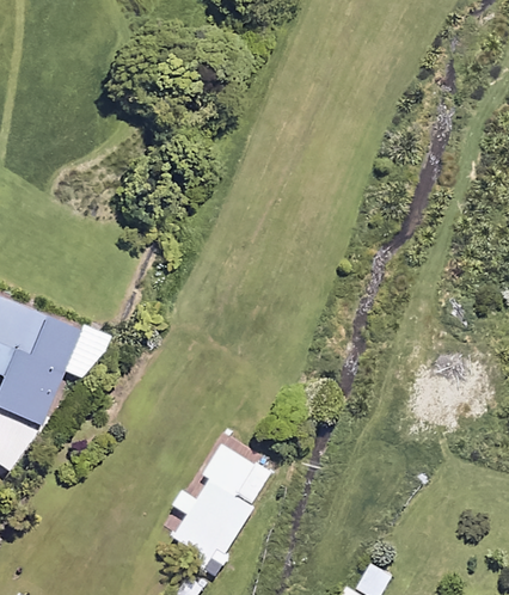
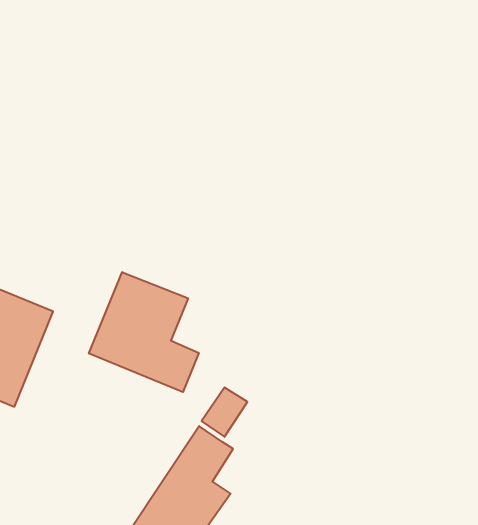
building: none -> [89,272,199,392]

